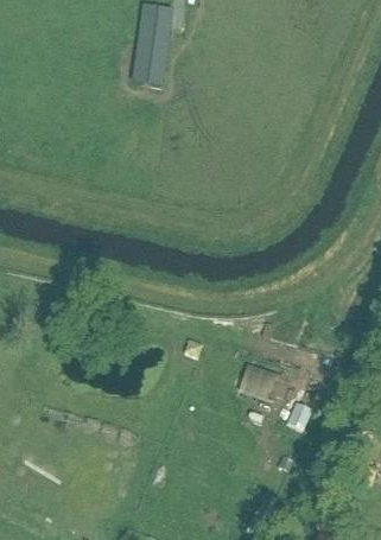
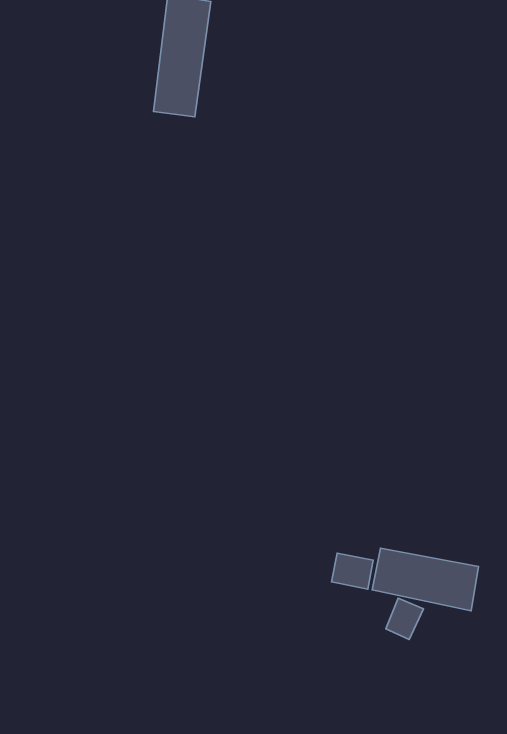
building: none -> [372,548,479,611]

